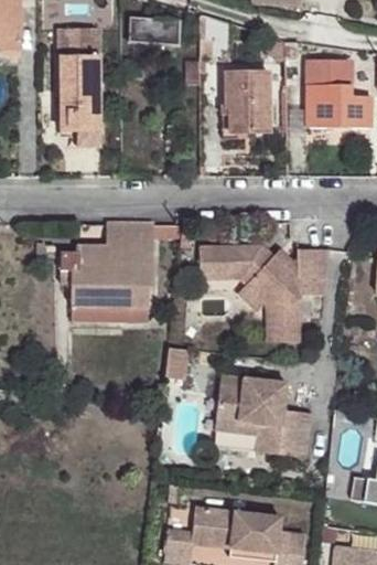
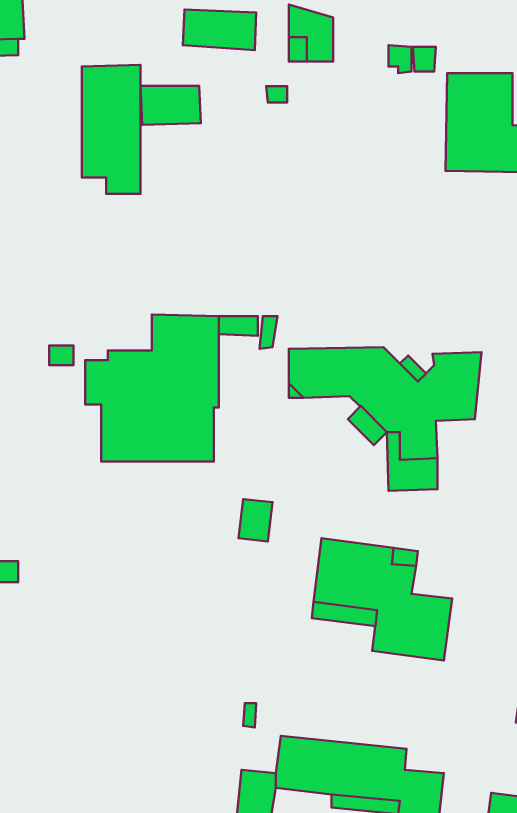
building: [58,29,99,55] -> [140,86,201,125]
building: [225,72,268,132] -> none

